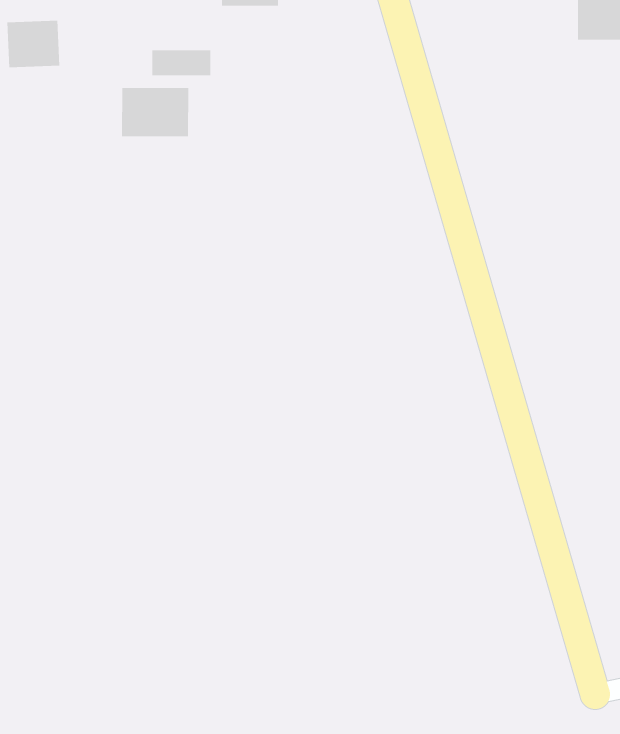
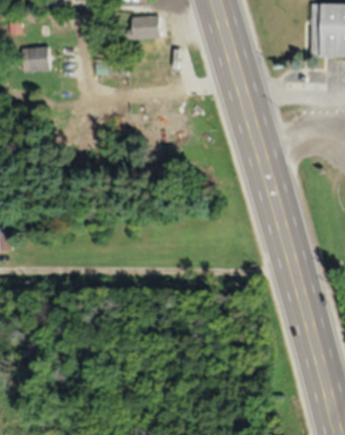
building: [122,87,189,137] -> none

